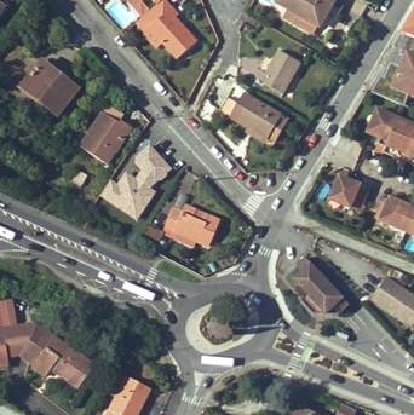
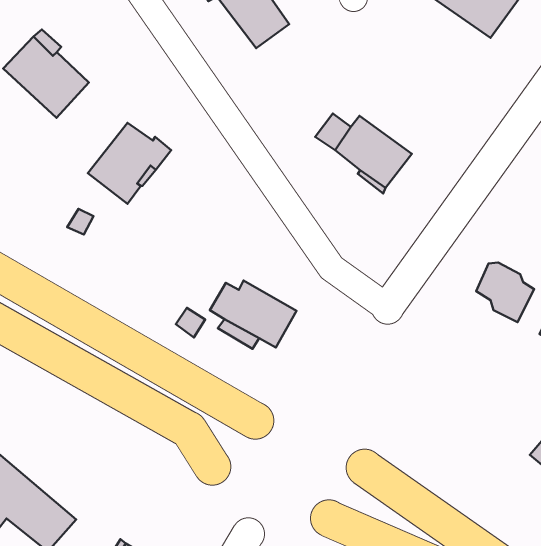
building: [258,50,300,92] -> none
building: [108,151,169,220] -> none
building: [293,257,349,313] -> none

